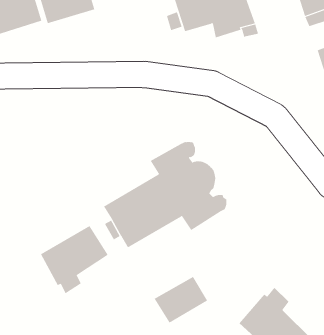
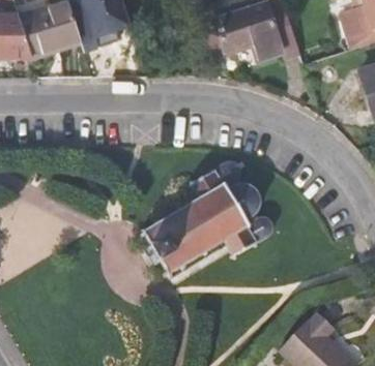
building: [40,225,108,294] -> none
building: [154,276,207,323] -> none

